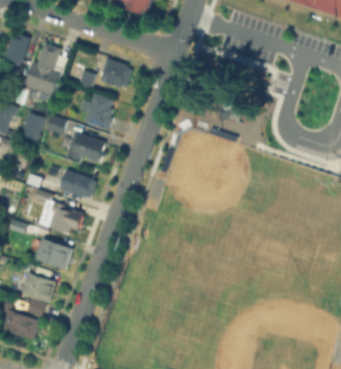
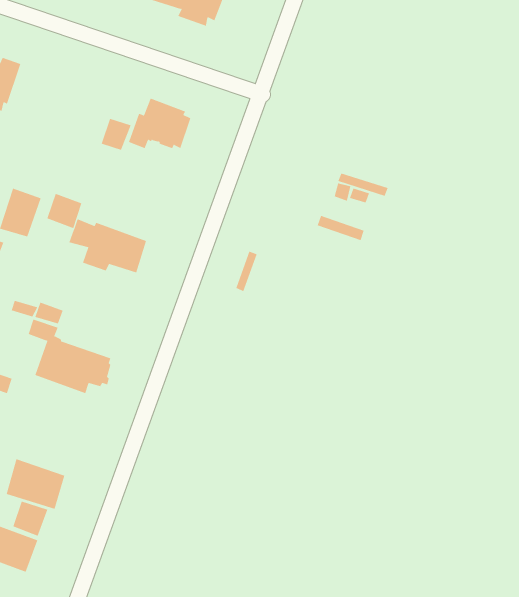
building: [25,45,63,97] -> none
building: [80,94,114,131] -> none
building: [58,170,97,199] -> none
building: [36,239,75,270] -> none

